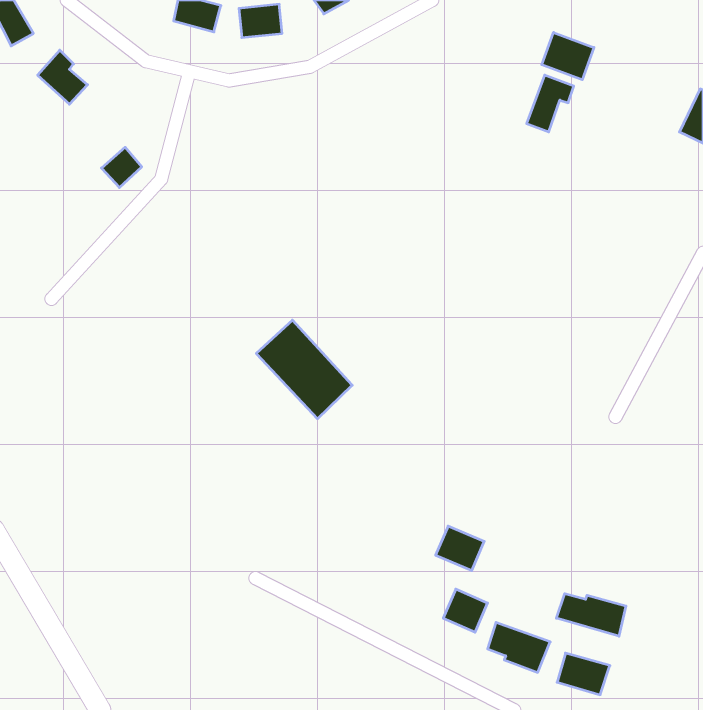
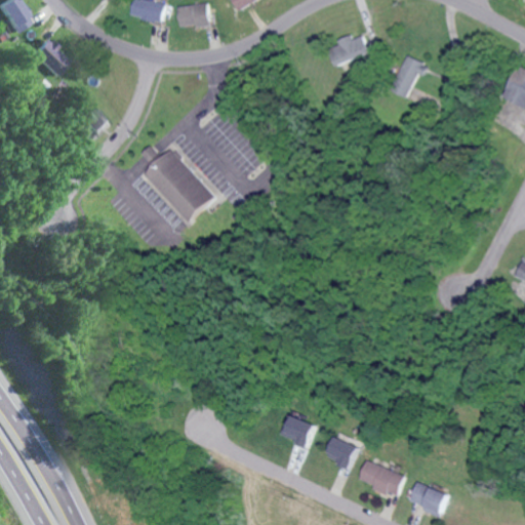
building: [542,32,594,80] -> none
building: none -> [326,36,367,66]
building: [256,320,352,419] -> [144,150,214,223]
building: [436,526,484,571] -> [280,412,316,445]
building: [556,594,626,636] -> none

